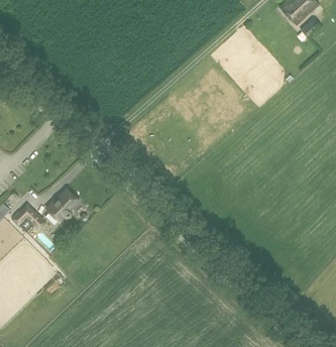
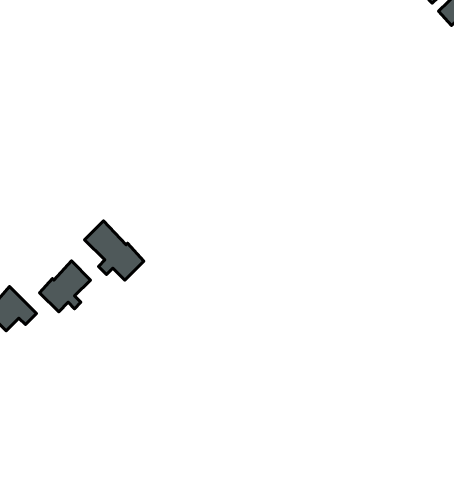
building: none -> [85,221,144,280]

